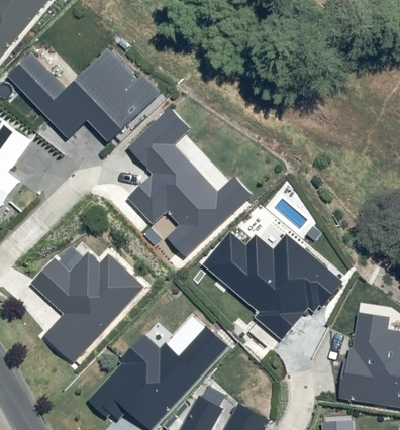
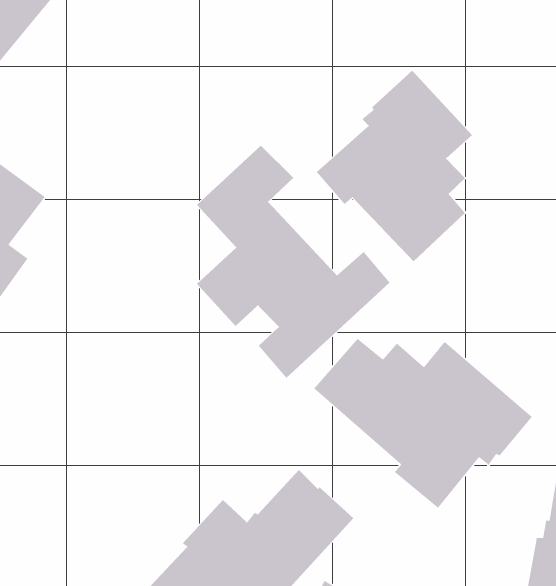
building: [7,47,161,141] -> none
building: none -> [316,70,473,262]
building: [31,246,144,362] -> none

